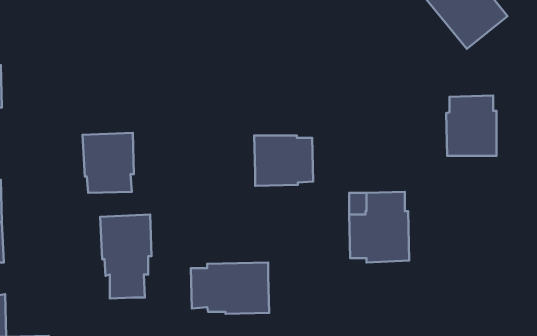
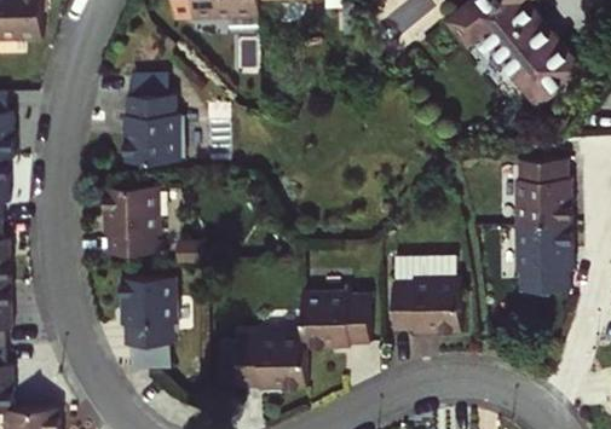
building: none -> [120,81,178,168]
building: [254,136,313,186] -> [307,295,373,350]
building: none -> [507,218,563,282]

